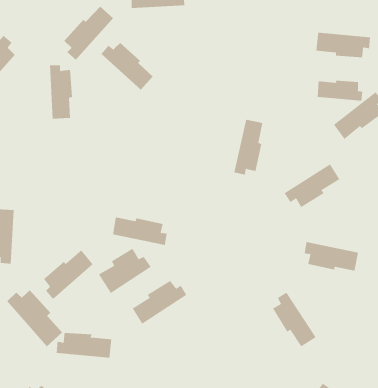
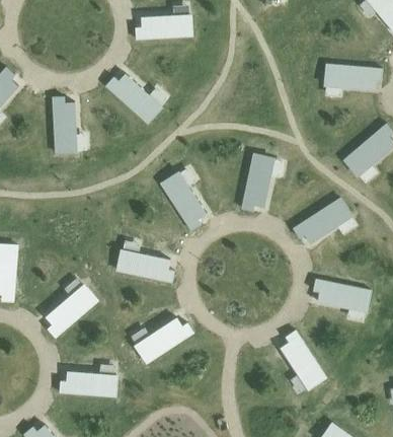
building: [63,6,114,60] -> none
building: [317,80,363,102] -> none
building: none -> [160,171,206,229]
building: [98,248,152,294] -> none
building: [6,290,63,347] -> none

